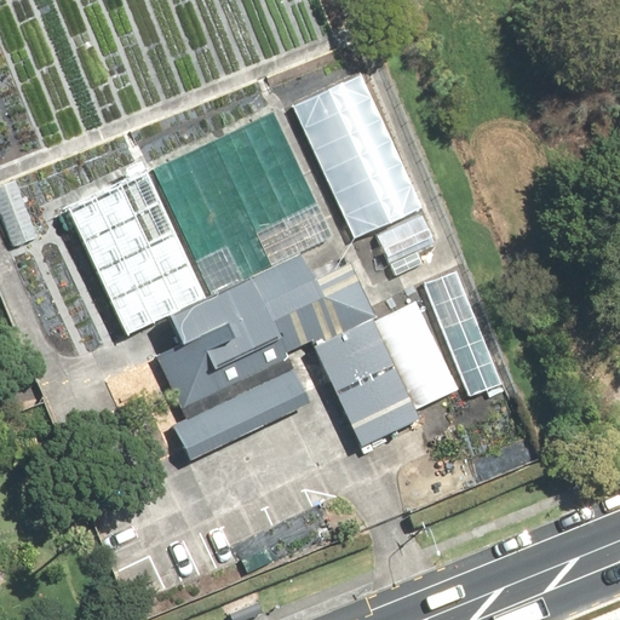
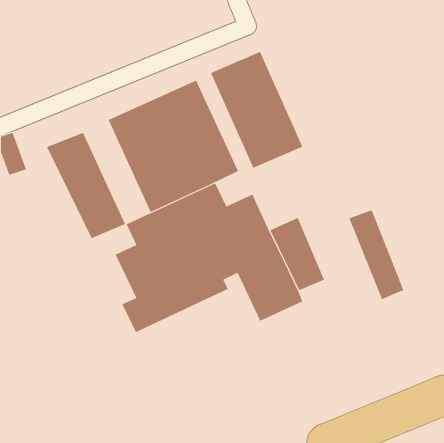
building: [116,167,209,312] -> none
building: [373,208,437,276] -> none
building: [420,274,498,400] -> [349,209,404,300]

